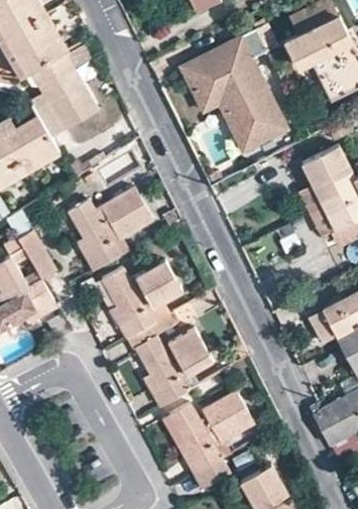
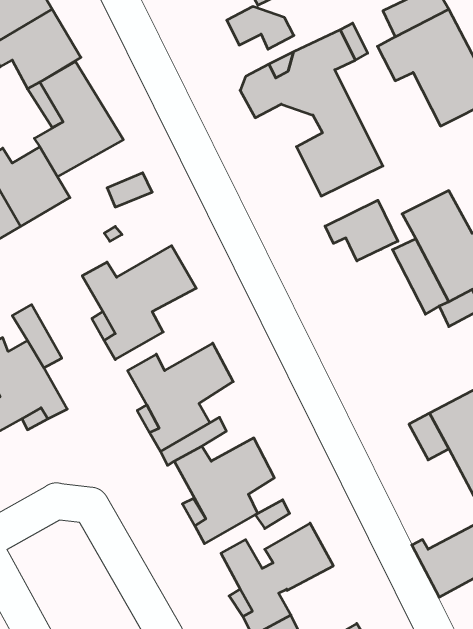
building: [195,84,244,115] -> [227,7,294,49]
building: none -> [325,200,398,261]

